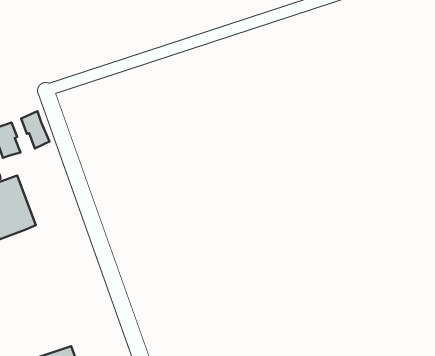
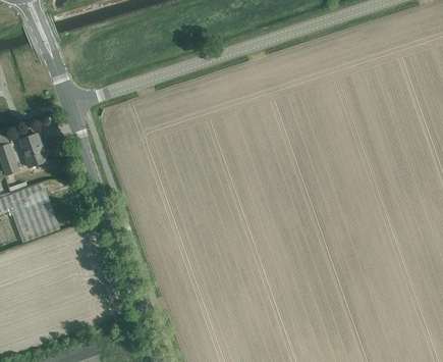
building: [21,111,49,149] -> none

